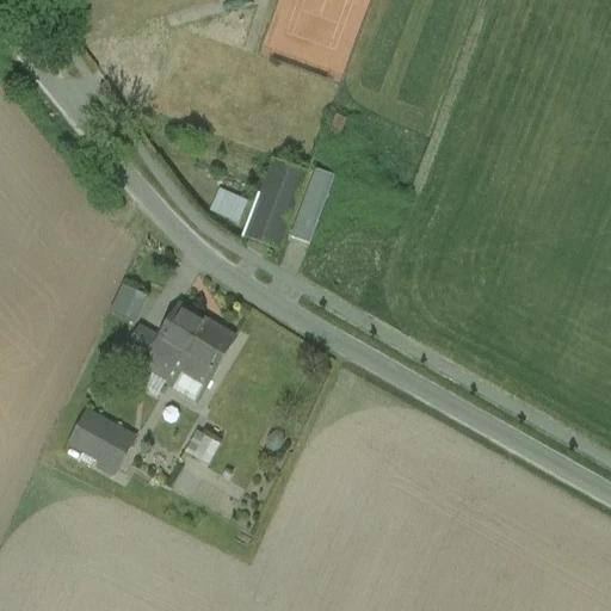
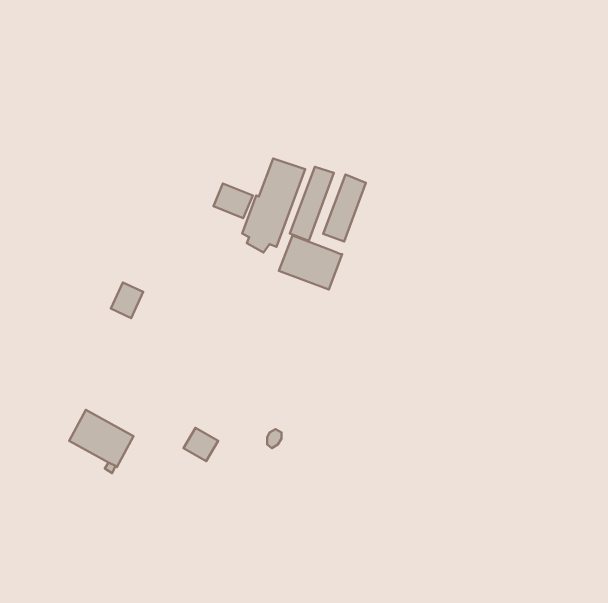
building: none -> [323,174,366,241]
building: none -> [279,236,342,289]
building: [122,302,234,384] -> none

